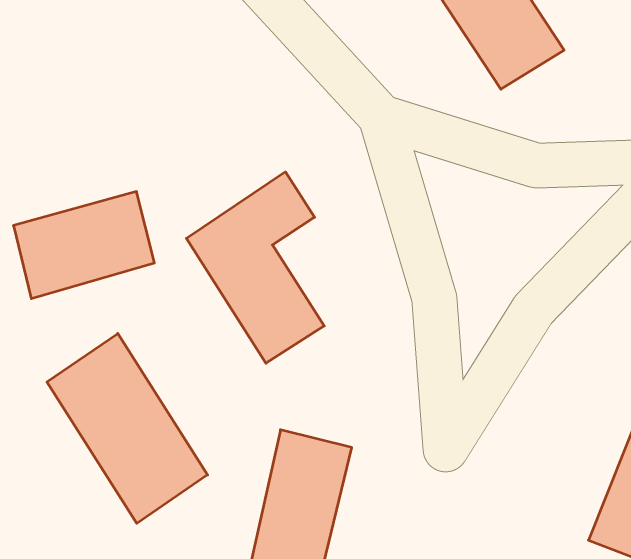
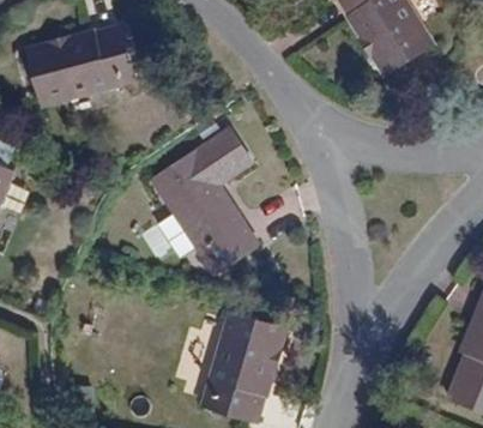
building: [13,192,154,299] -> [25,30,129,109]
building: [47,333,208,523] -> none

